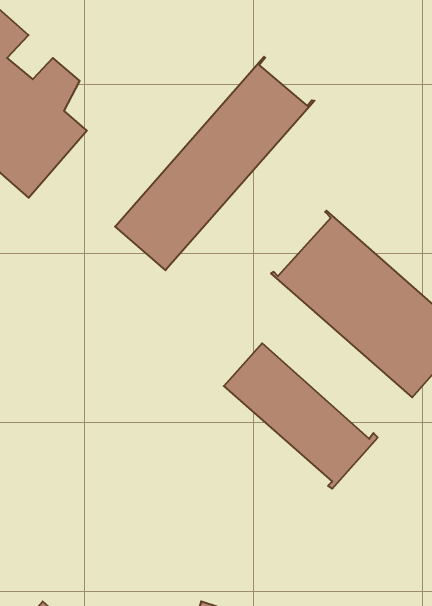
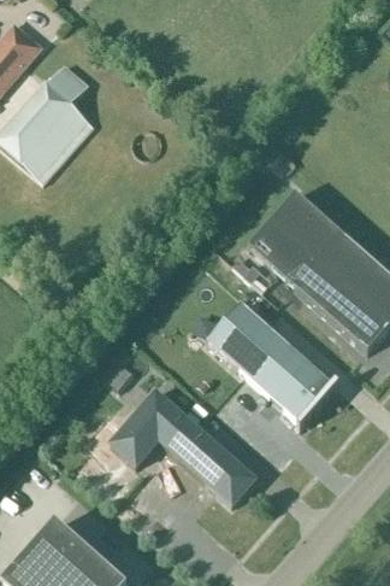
building: [115,57,315,270] -> none
building: none -> [110,389,255,504]

